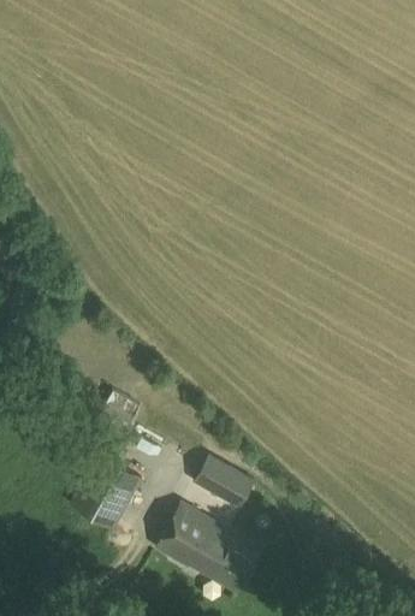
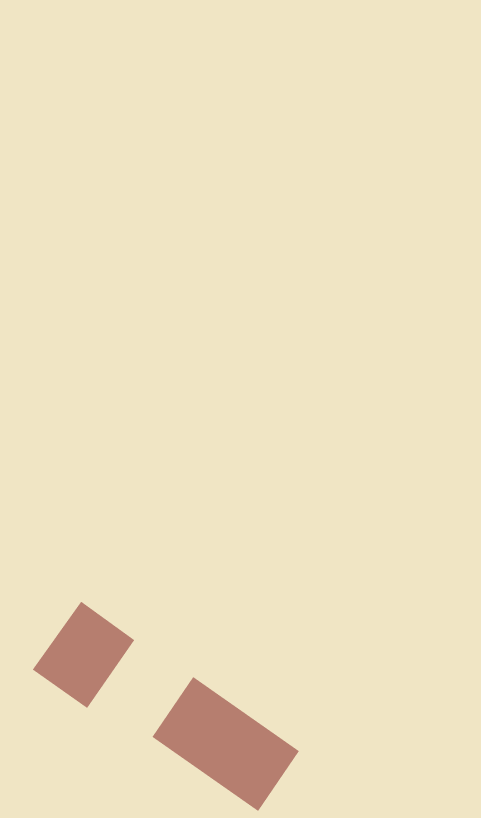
building: [192,457,253,509] -> none

